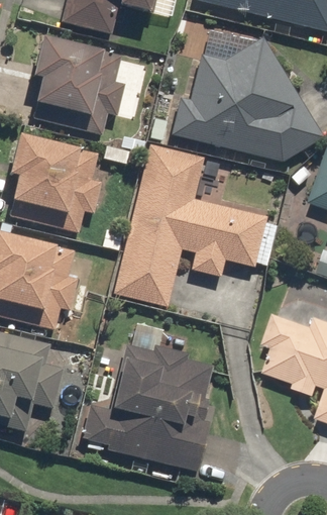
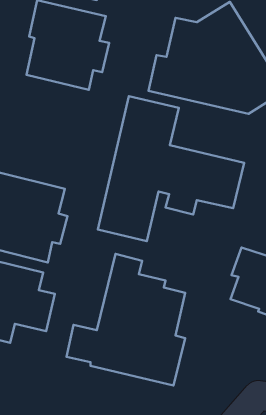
building: [8,132,100,233] -> none

